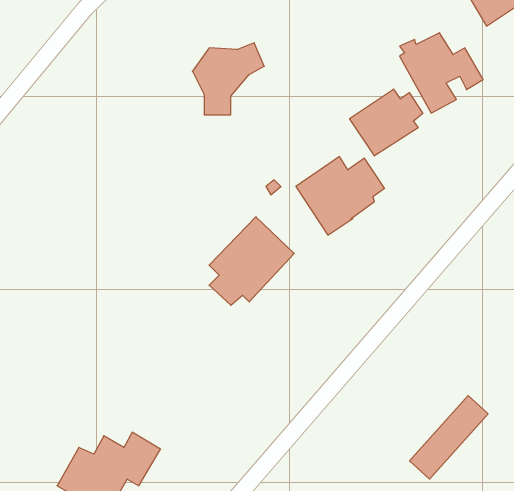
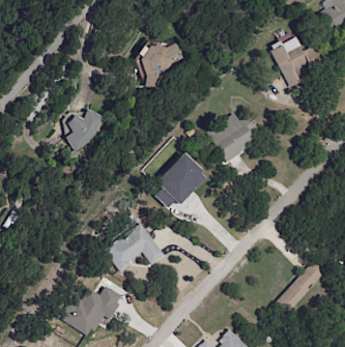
building: [350,89,423,156] -> none
building: none -> [67,109,106,152]
building: none -> [105,223,165,272]

